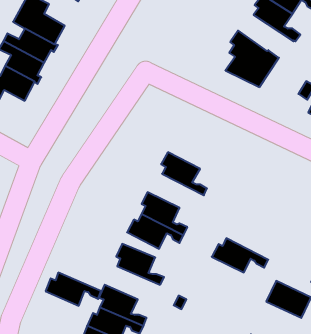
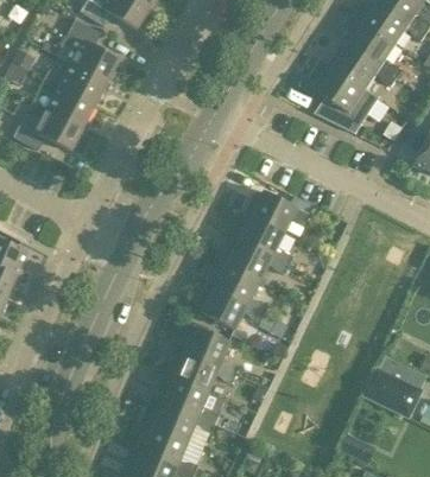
building: none -> [330,45,398,89]
building: none -> [245,190,314,233]
building: [212,238,268,272] -> [220,238,289,280]
building: [46,273,101,306] -> [167,351,235,392]

